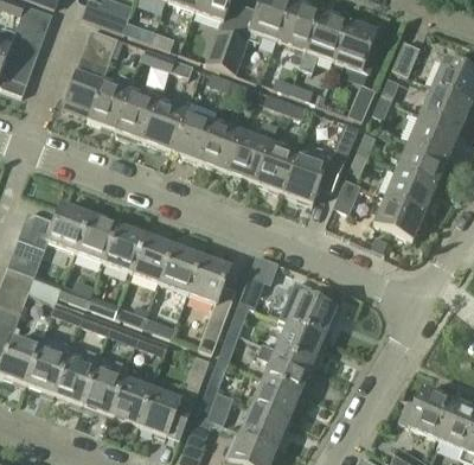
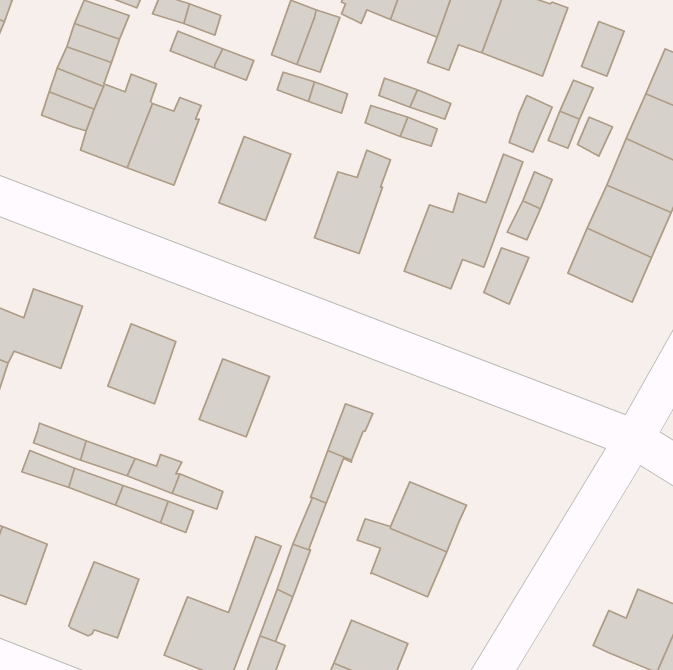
building: [145,100,187,151] -> none
building: [200,121,244,172] -> none
building: [257,141,300,192] -> none
building: [371,193,423,241] -> none
building: [76,214,118,262] -> none
building: [133,235,174,282] -> none
building: [188,256,236,352] -> none
building: [288,280,334,335] -> none
building: [55,358,96,405] -> none
building: [252,376,299,419] -> none
building: [110,380,153,426] -> none

